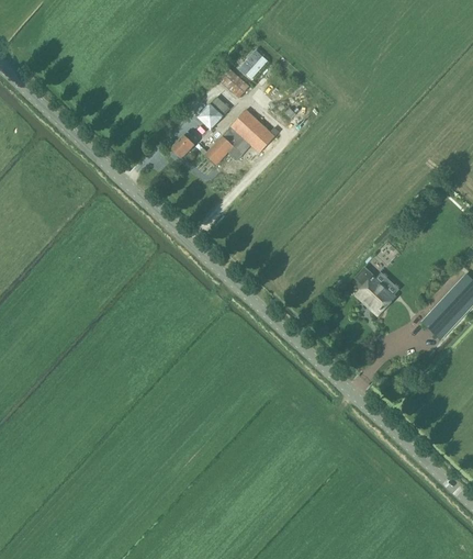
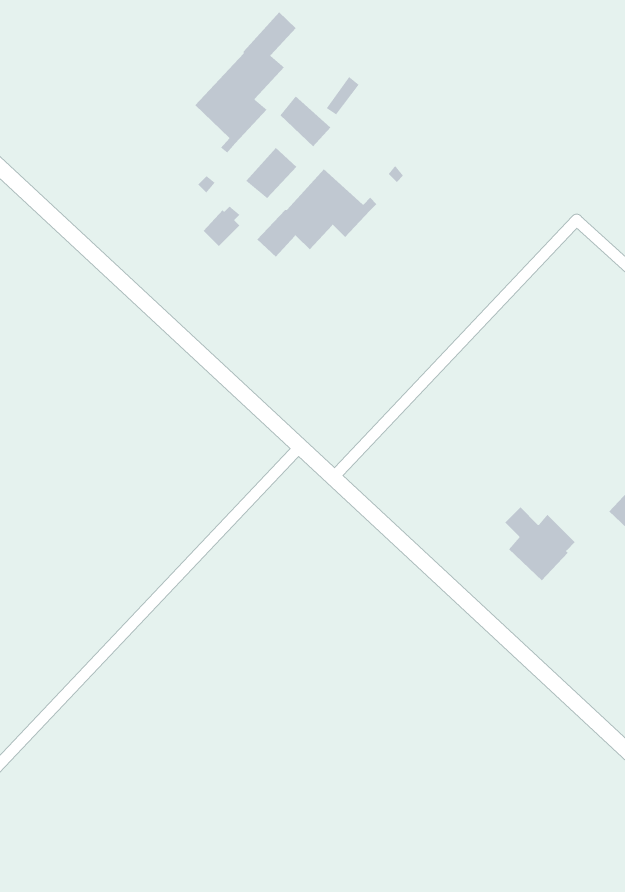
building: none -> [194,12,296,154]
building: [353,268,397,314] -> [504,507,576,581]

